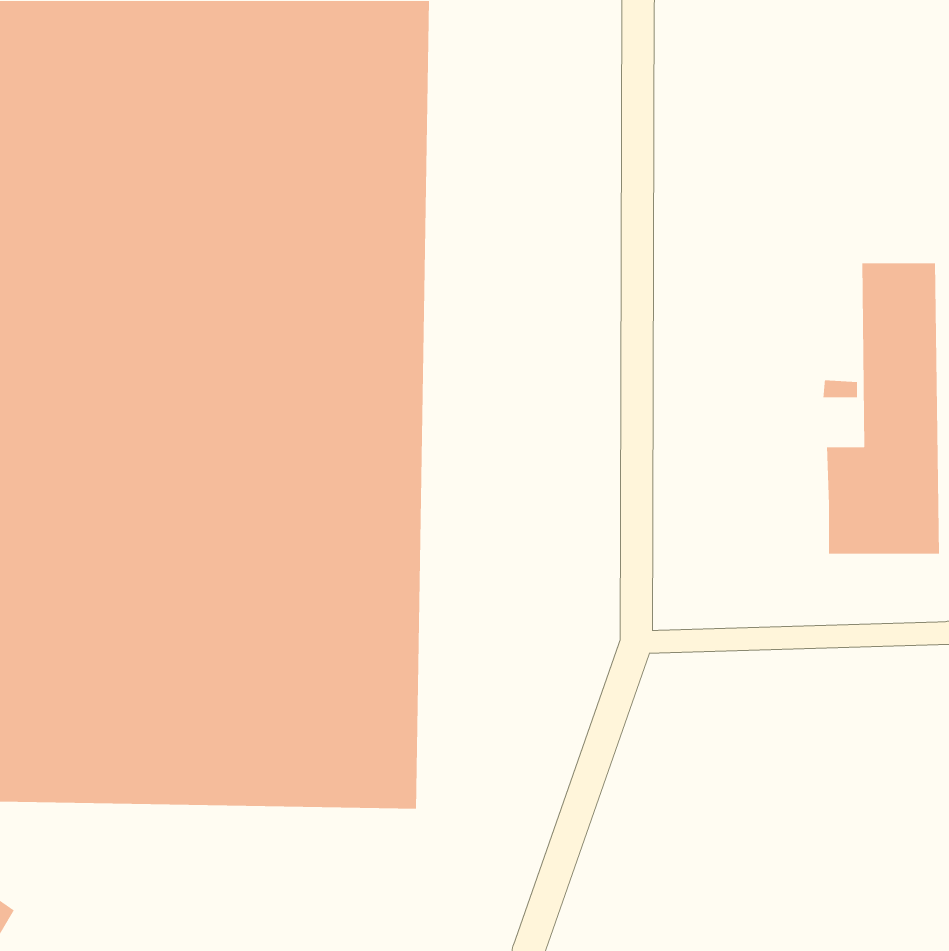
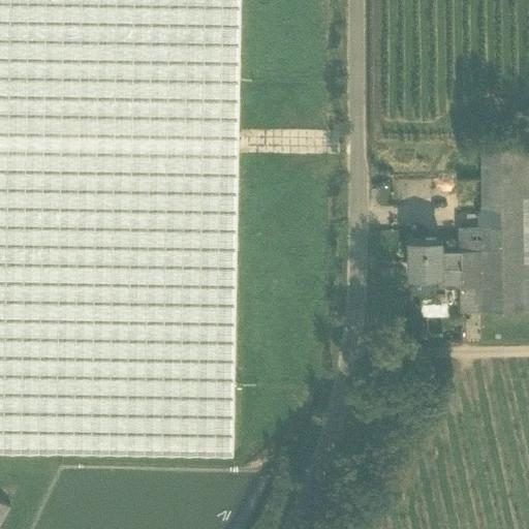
building: none -> [408,239,460,280]

